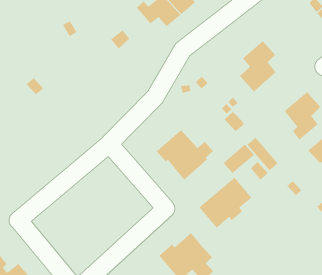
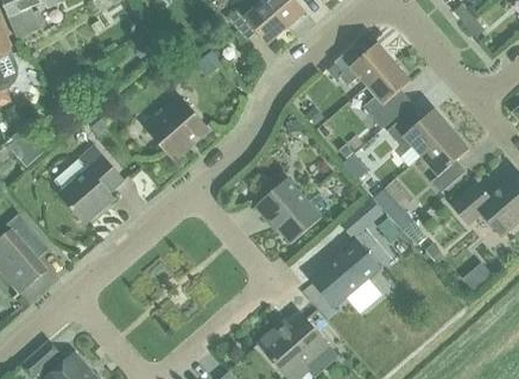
building: none -> [325,42,393,84]
building: none -> [145,97,208,159]
building: none -> [386,108,451,153]
building: none -> [57,144,124,223]

